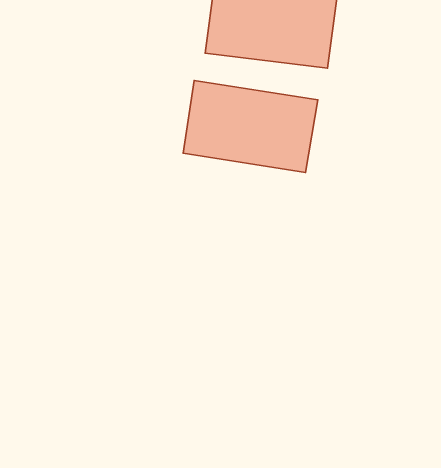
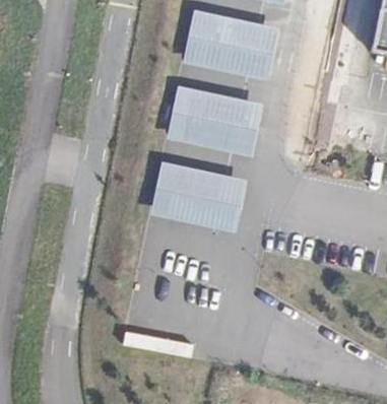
building: none -> [149,161,247,231]

